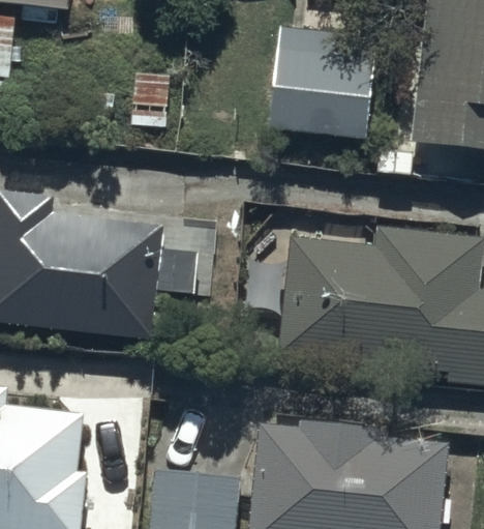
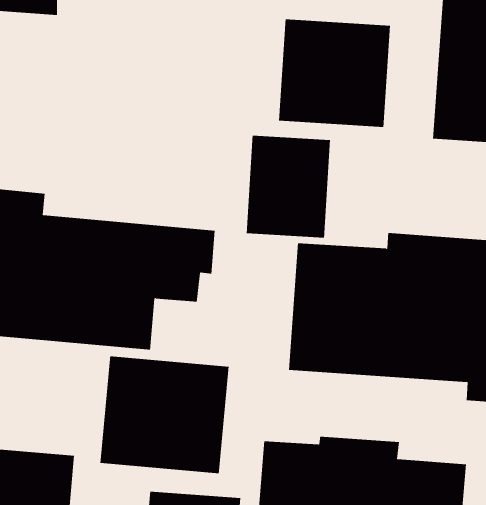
building: none -> [246,135,331,239]
building: none -> [100,356,229,474]

